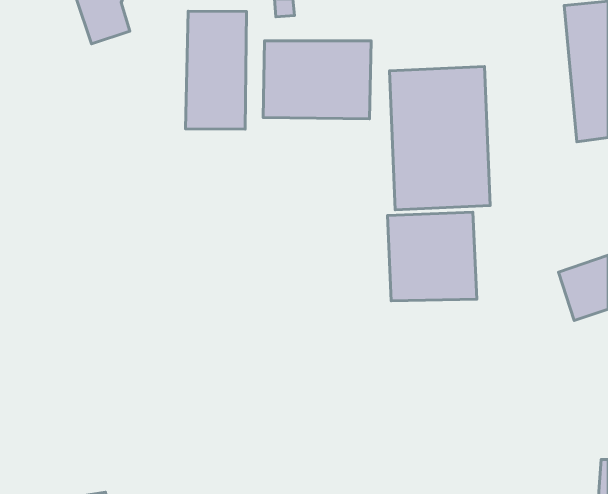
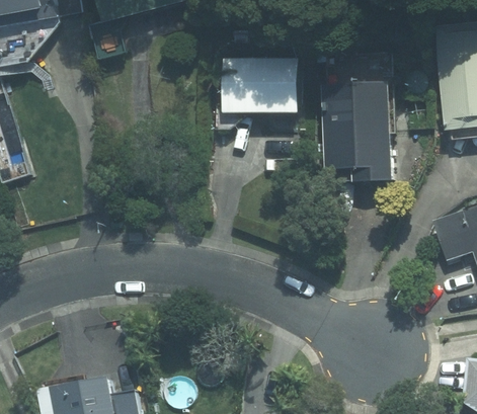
building: [185,11,247,129] -> none
building: [387,212,477,301] -> none

